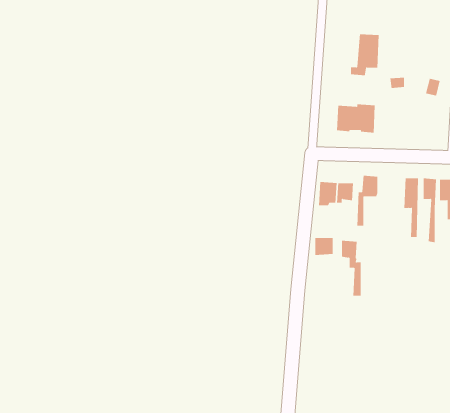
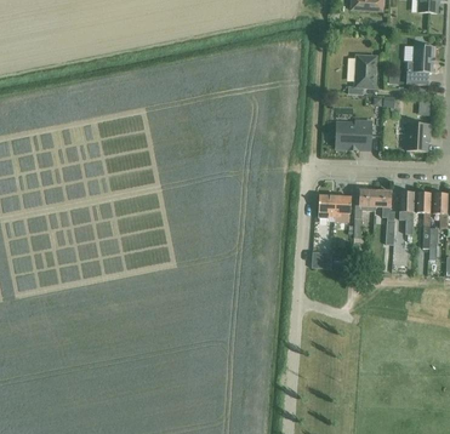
building: none -> [406,44,434,84]
building: none -> [406,121,431,150]
building: [341,240,361,296] -> [375,189,394,242]

